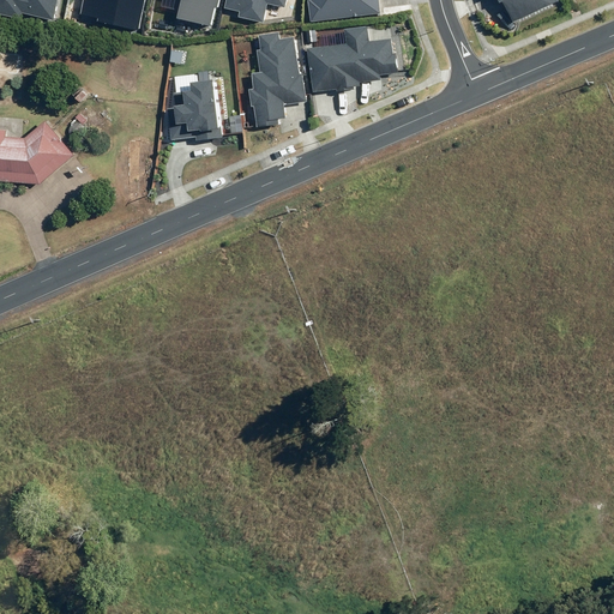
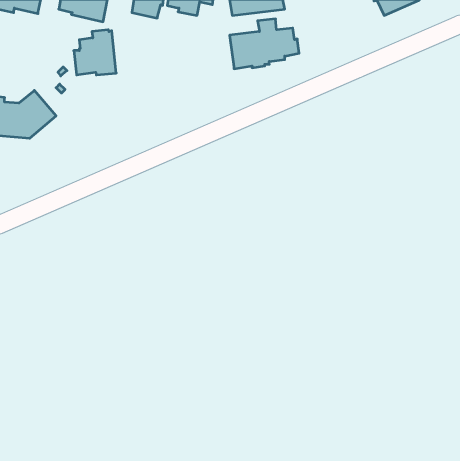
building: [247,30,302,126] -> none
building: [164,79,221,139] -> [74,30,116,75]

